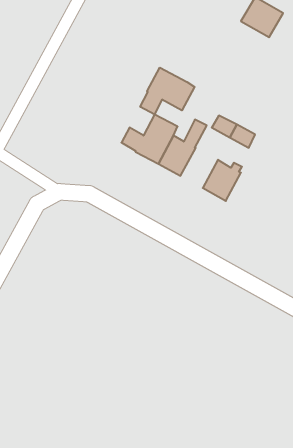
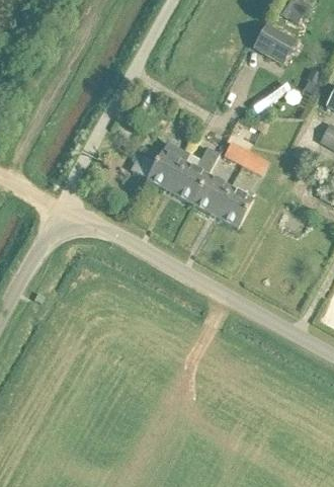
building: [140,68,195,115] -> none
building: none -> [191,174,229,215]

